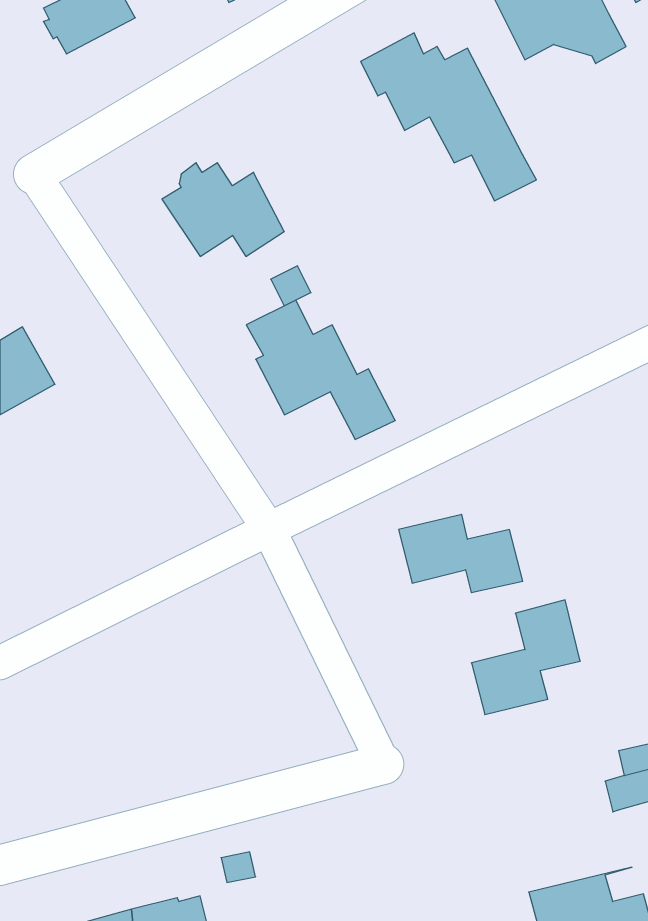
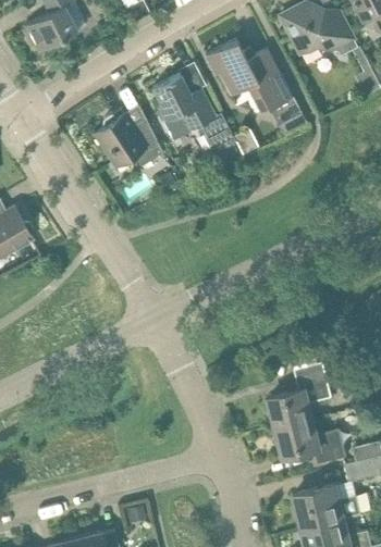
building: [246,300,395,439] -> [151,74,236,153]
building: [399,514,523,593] -> [276,419,347,463]
building: none -> [294,484,360,529]

